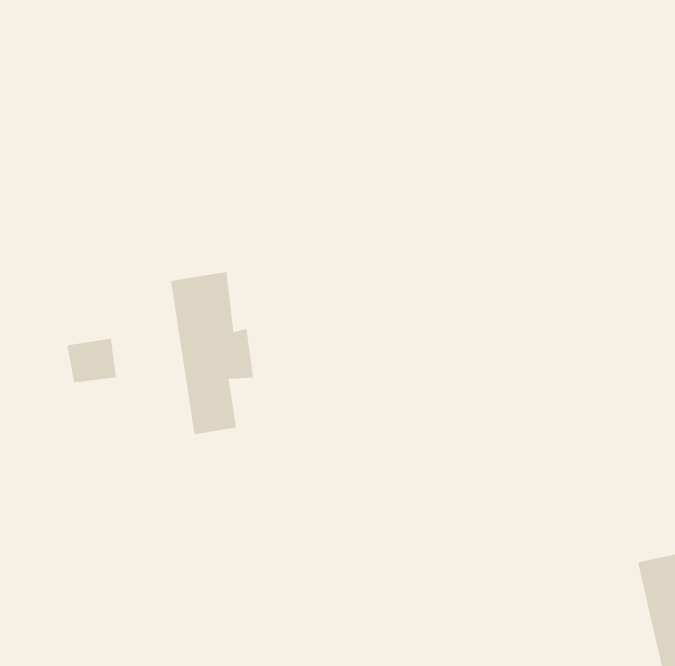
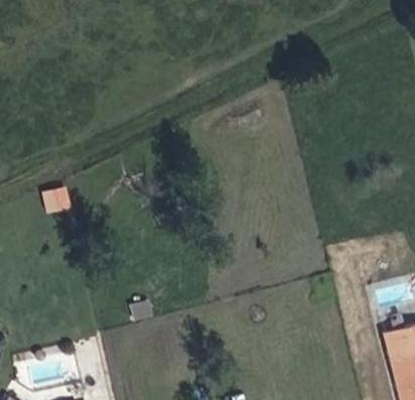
building: [170,271,254,435] -> none

